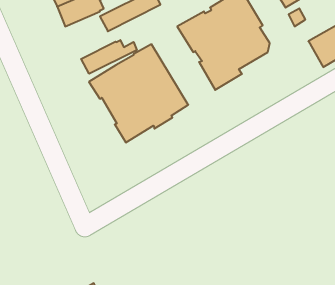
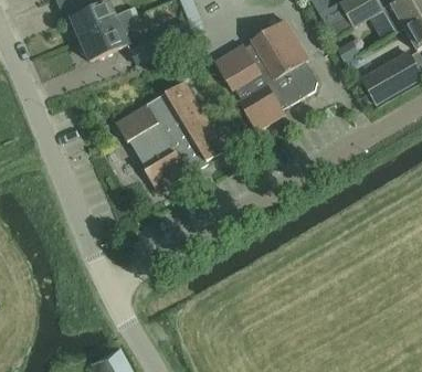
building: [81,40,137,74] -> none

